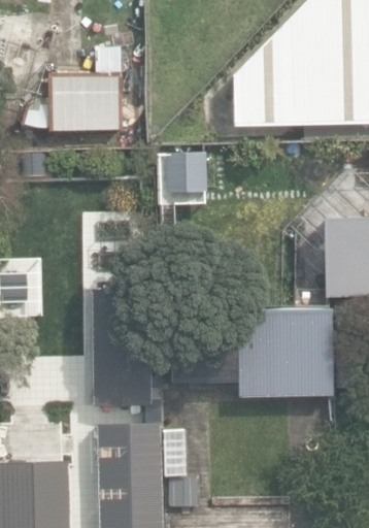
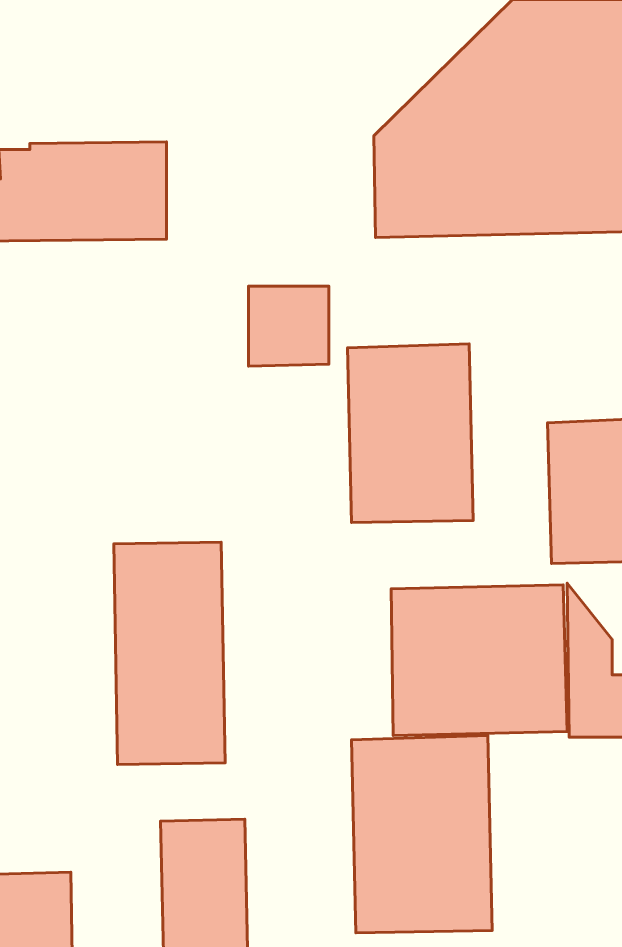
building: none -> [348,344,473,523]
building: none -> [352,735,492,933]

